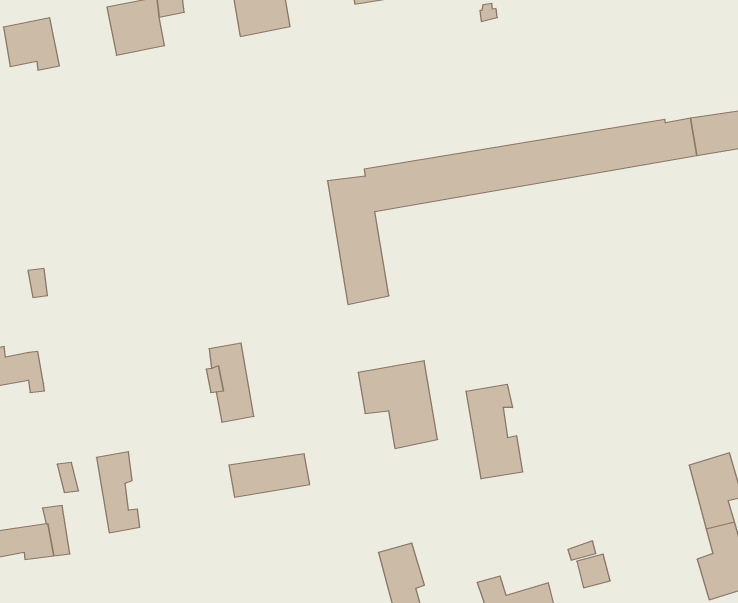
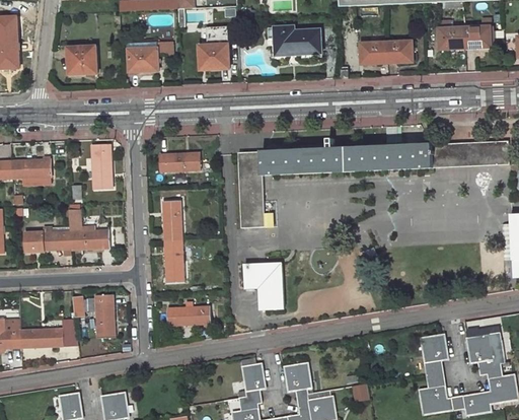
building: none -> [158,152,199,171]
building: none -> [90,145,109,188]
building: none -> [160,199,181,240]
building: none -> [67,207,107,249]
building: [466,384,522,479] -> none
building: none -> [286,361,313,390]

